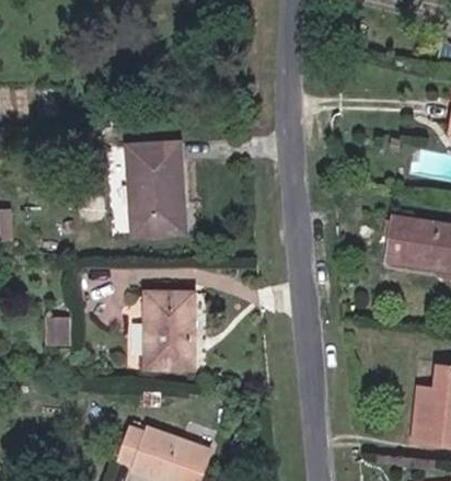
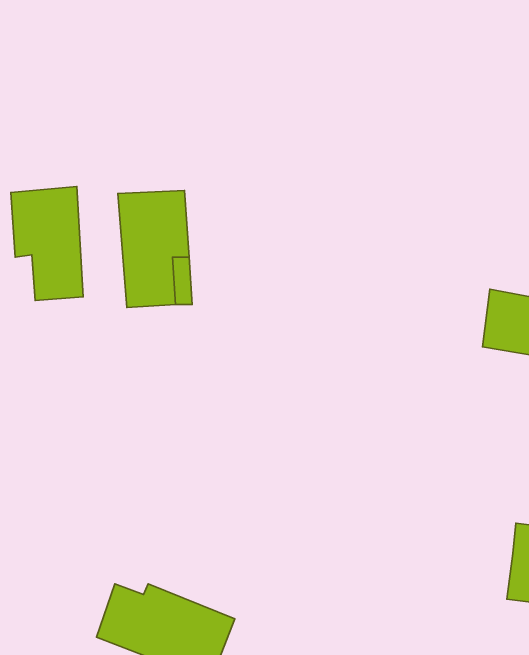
building: none -> [11,187,83,300]
building: [151,293,198,370] -> none

